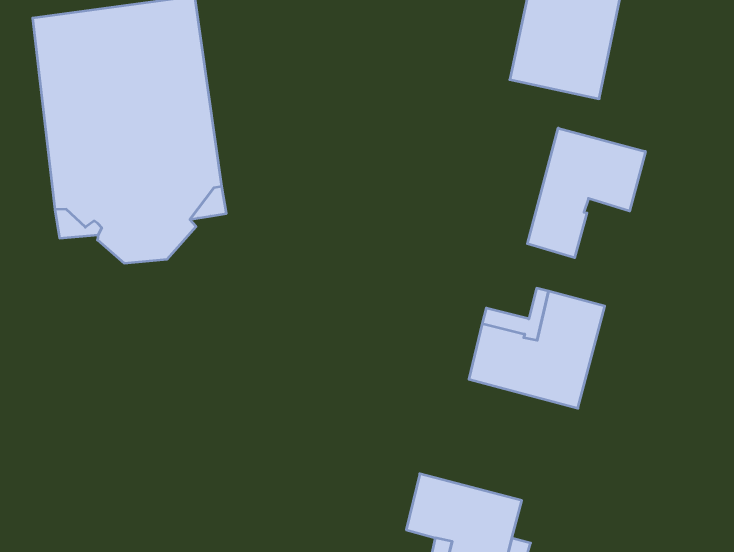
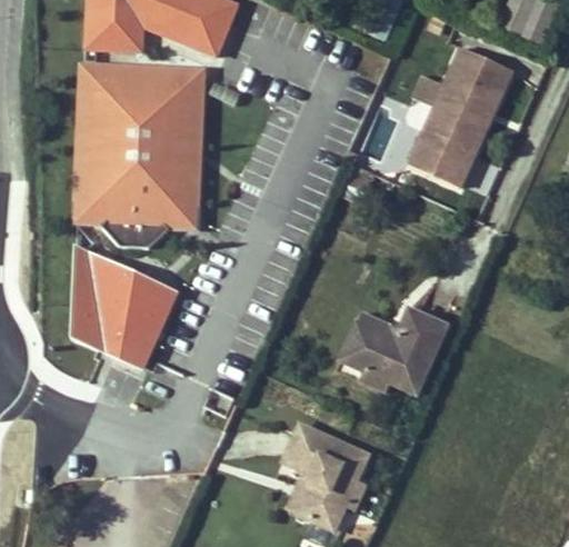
building: [527,128,645,258] -> none
building: none -> [69,243,180,368]

